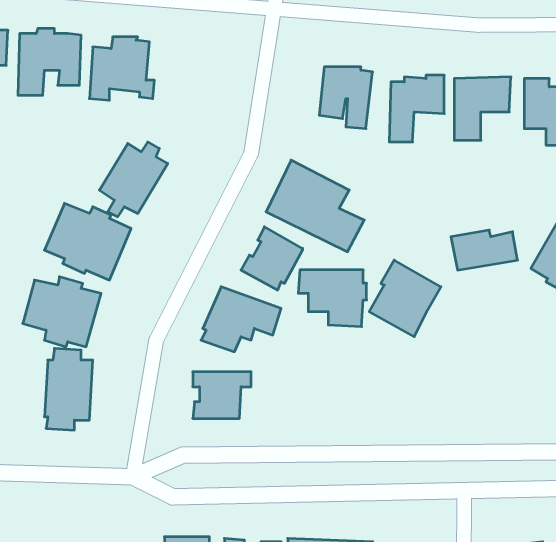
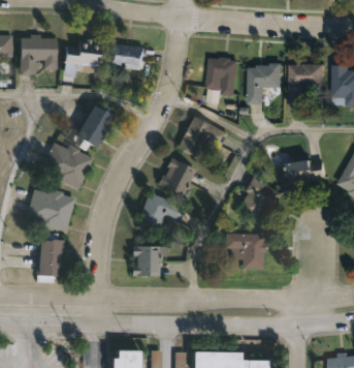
building: none -> [112,42,147,68]
building: [298,270,367,327] -> [225,233,267,268]

